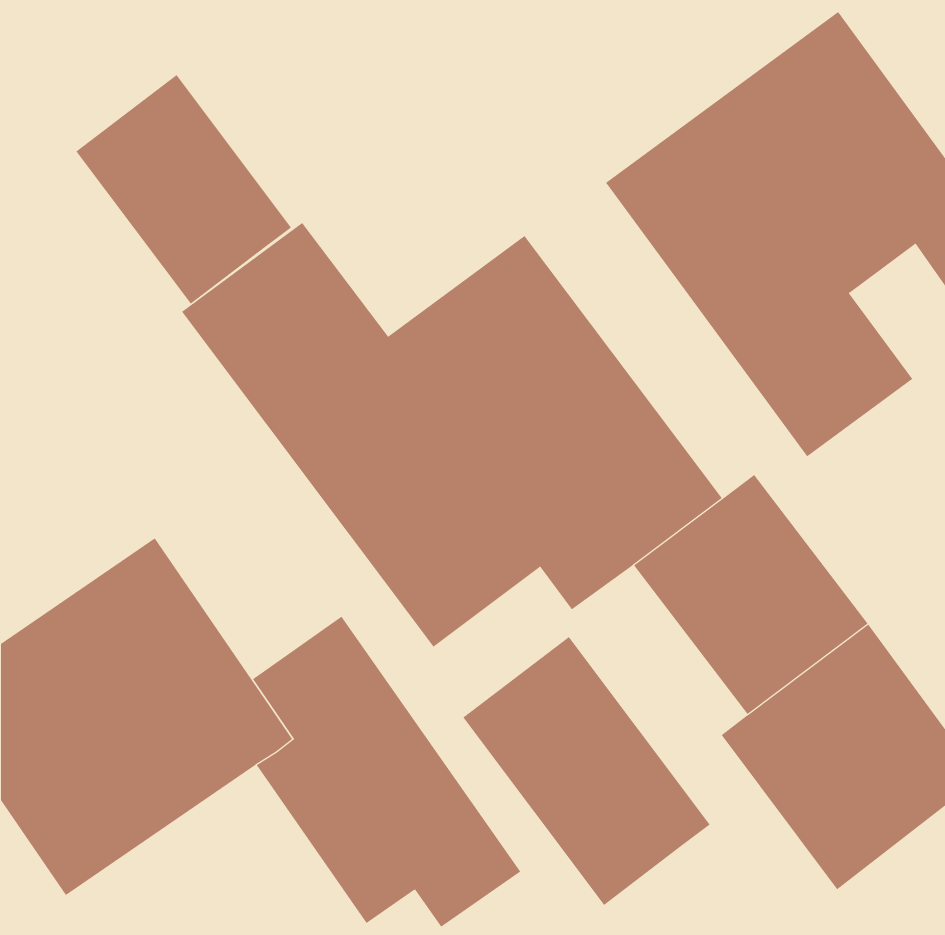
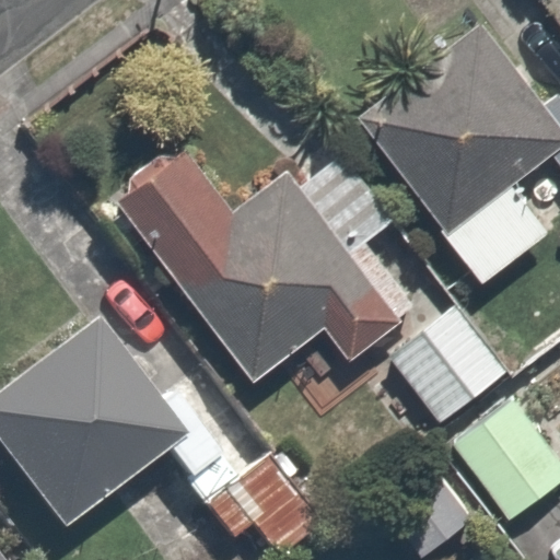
building: [75,74,292,305] -> none
building: [463,636,711,906] -> none

